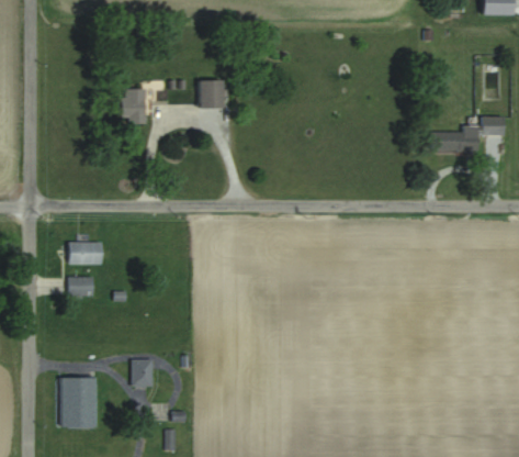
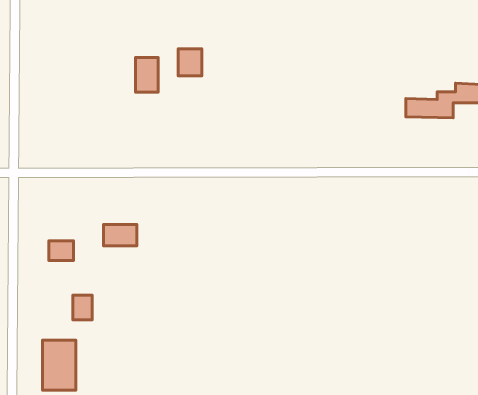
building: [123,89,146,124] -> [136,58,158,92]
building: [68,243,102,265] -> [103,224,137,246]
building: [133,361,153,387] -> [73,295,92,320]

